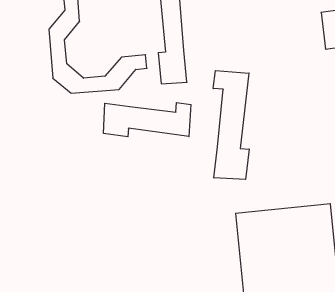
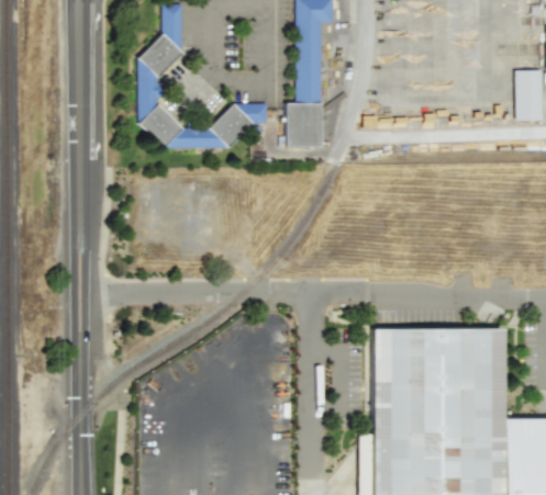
building: [213,71,249,179] -> none
building: [104,103,191,137] -> none

